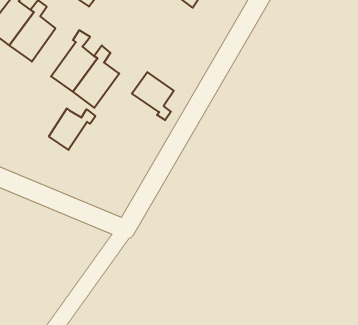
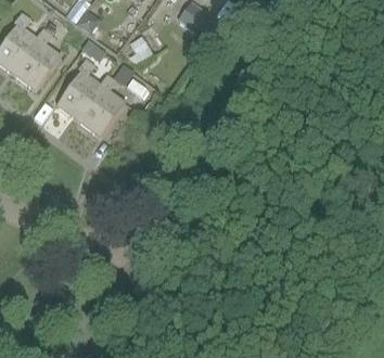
building: [132,72,174,120] -> none
building: [49,108,95,150] -> none

